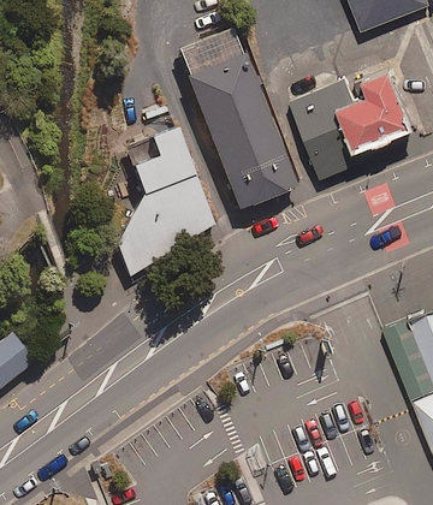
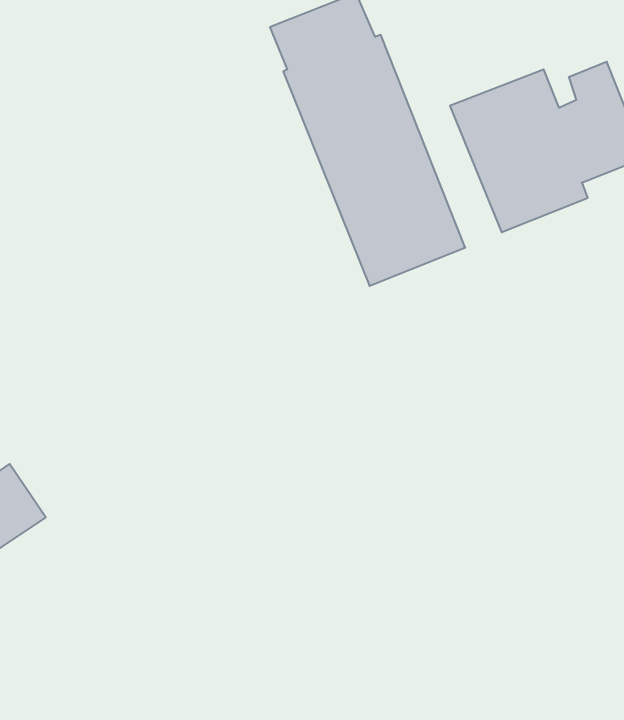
building: [119,125,218,277] -> none

